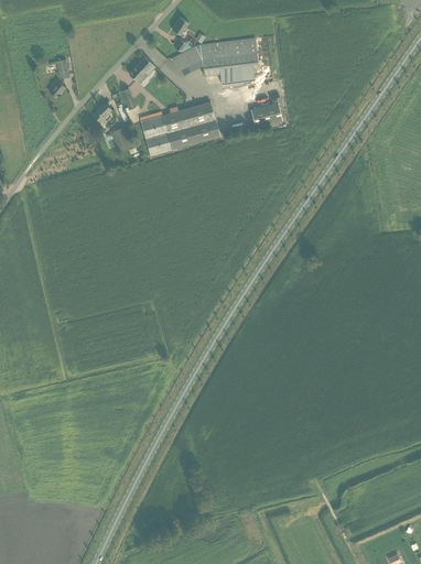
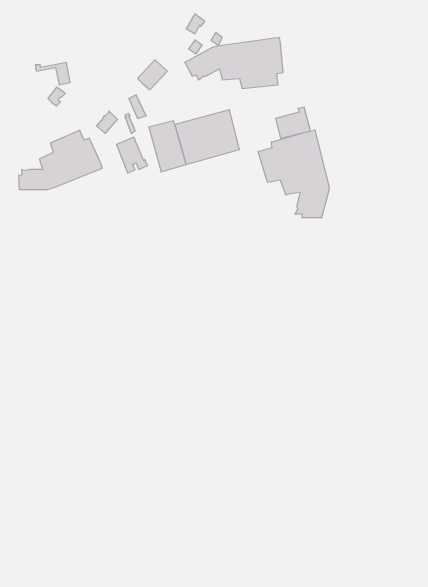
building: none -> [19,130,102,190]
building: none -> [258,130,329,218]

